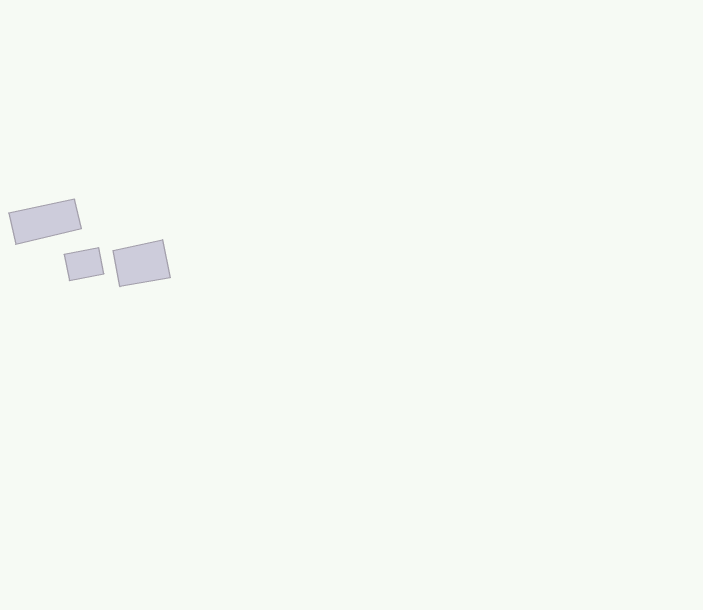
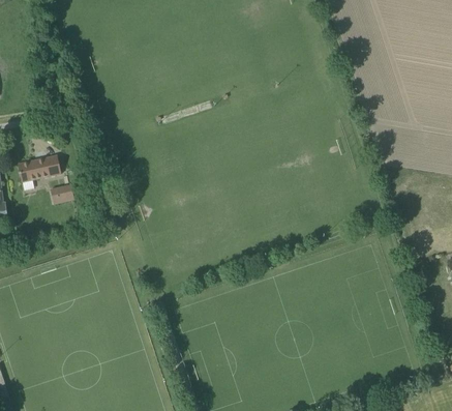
building: [113,240,170,287] -> none

